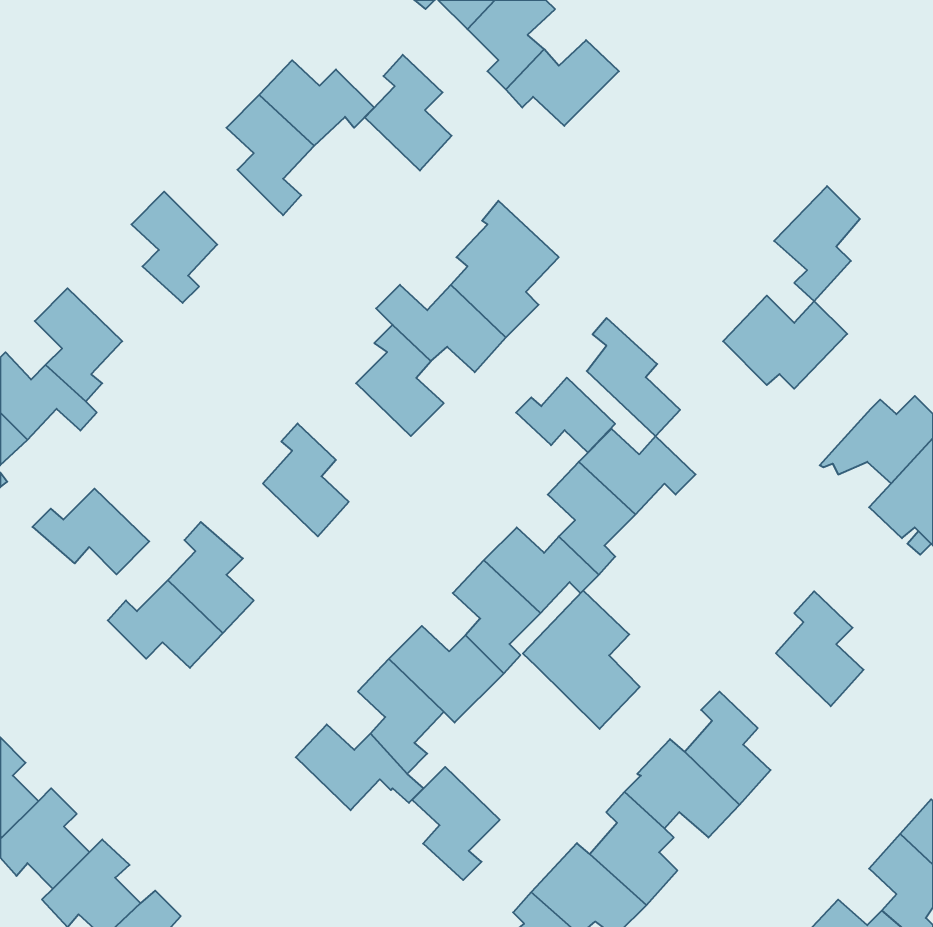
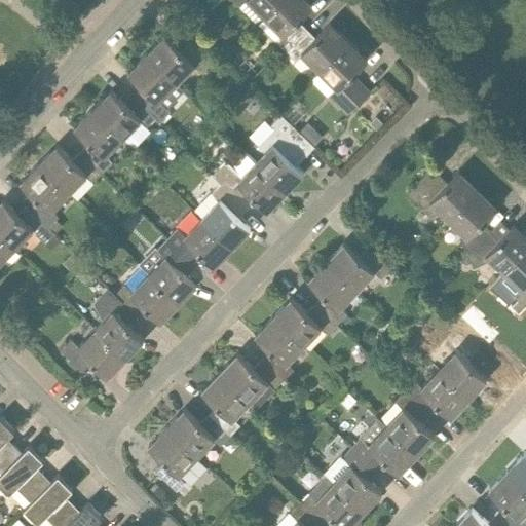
building: [365,55,452,171] -> none
building: none -> [317,43,369,116]
building: none -> [92,91,155,141]
building: [774,186,860,301] -> [447,191,495,256]
building: none -> [38,147,103,195]
building: [587,318,680,436] -> none
building: [516,378,615,452] -> none
building: none -> [167,219,231,268]
building: [32,489,149,574] -> [113,275,179,324]
building: [523,590,640,729] -> none
building: none -> [405,371,467,419]
building: [412,767,500,880] -> [148,429,197,493]

